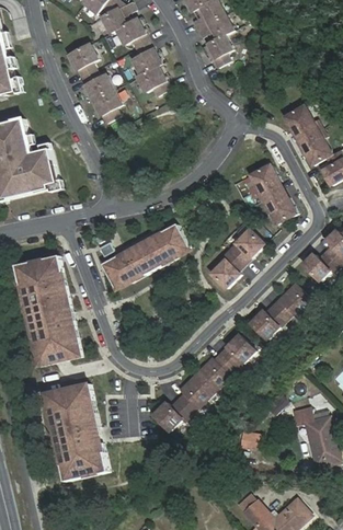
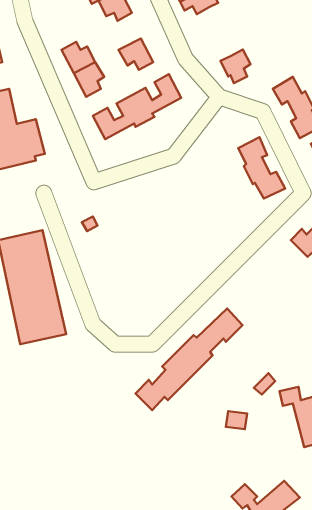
building: [201,36,230,69] -> [220,49,251,83]
building: [130,42,159,76] -> none
building: [66,44,95,78] -> none
building: [102,222,188,286] -> [93,74,181,139]
building: [210,229,263,287] -> none
building: [250,284,312,338] -> none
building: [44,382,107,481] -> none

